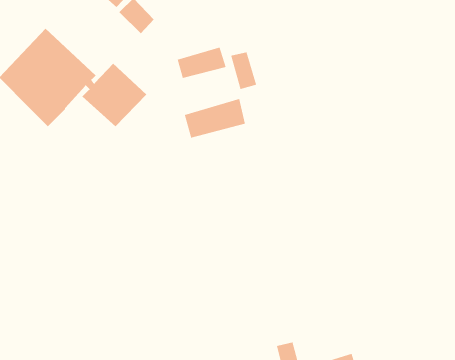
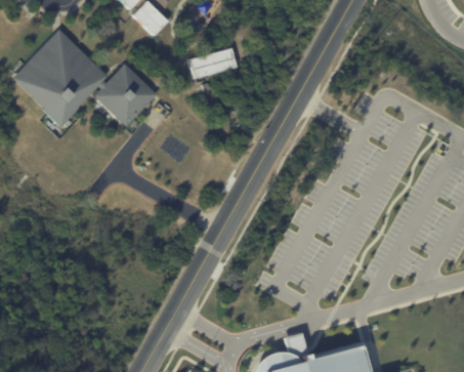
building: [230,52,257,90] -> none
building: [184,98,246,138] -> none

